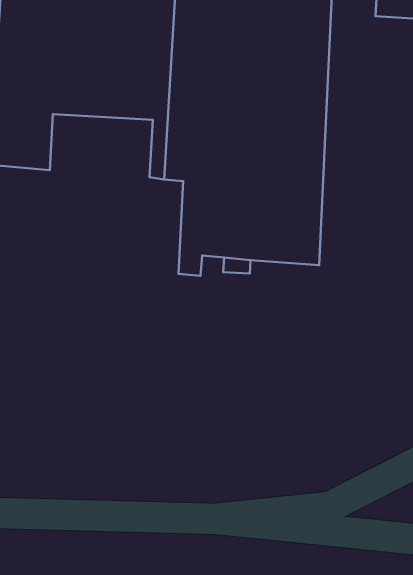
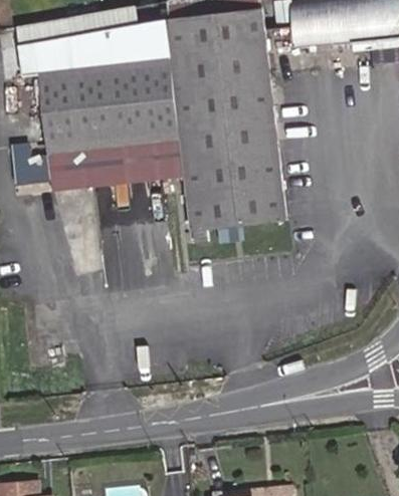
building: none -> [87,141,160,186]

